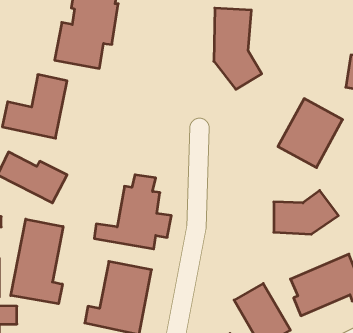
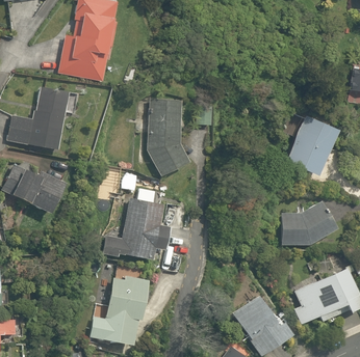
building: [214,8,262,89] -> [145,100,192,181]
building: [11,219,63,304] -> none

